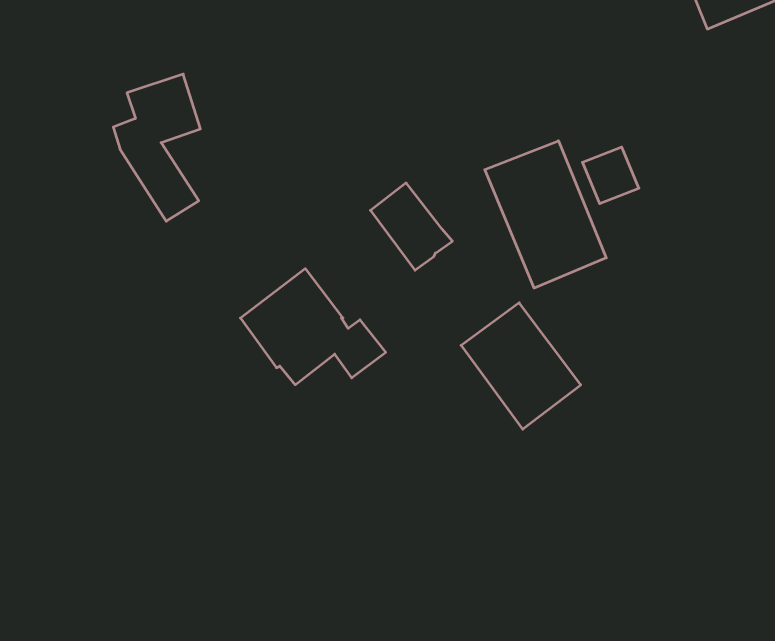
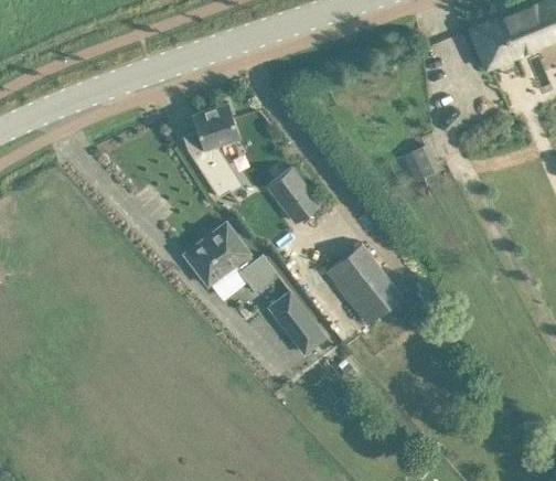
building: [113,74,200,221] -> [183,104,239,199]
building: [485,141,606,288] -> none
building: none -> [269,292,325,355]

